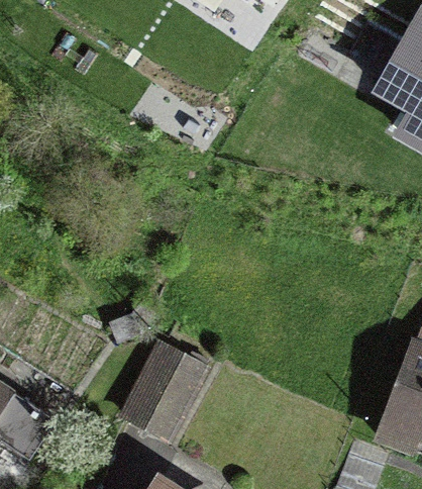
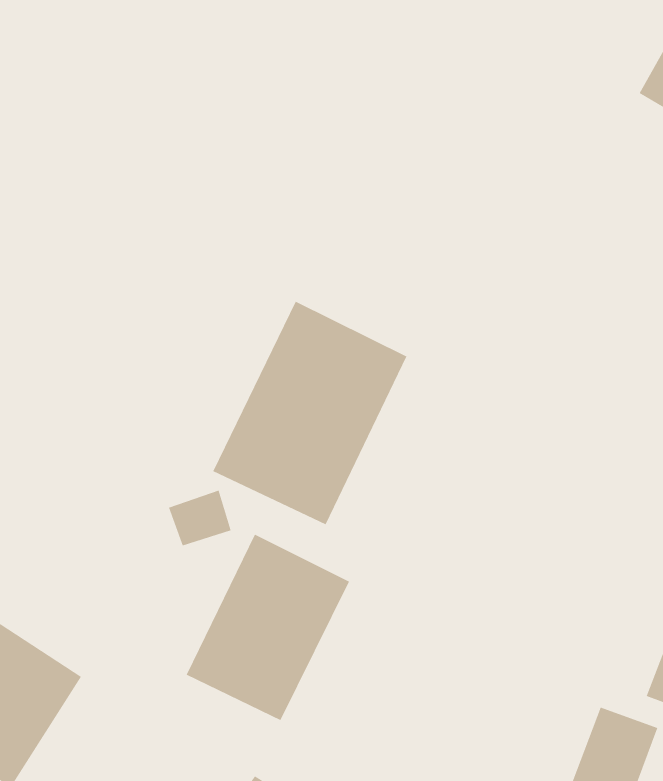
building: none -> [212,301,407,525]

